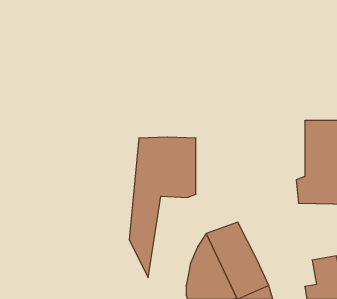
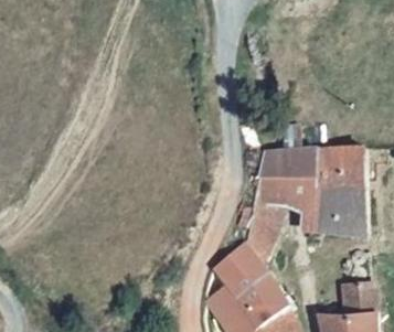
building: [129,137,196,278] -> [255,143,324,290]

